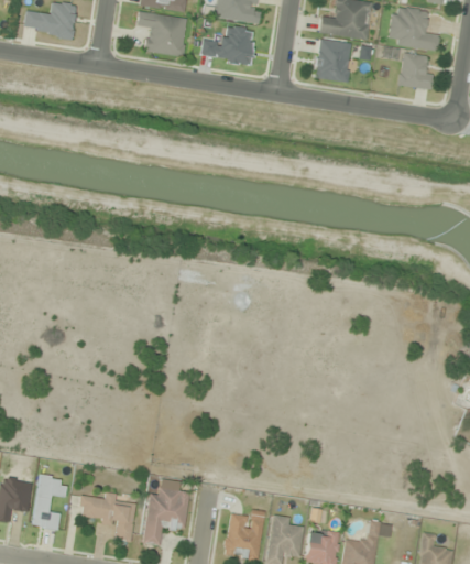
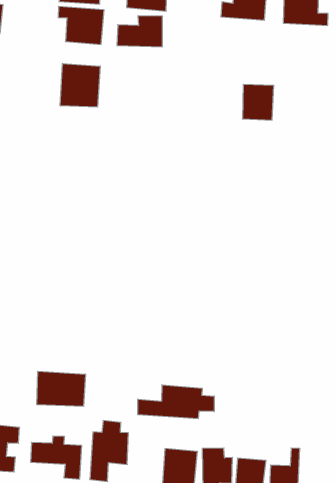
building: [314,39,351,80] -> [242,84,274,120]
building: [397,52,433,89] -> none
building: none -> [60,63,100,107]
building: none -> [37,371,85,406]
building: none -> [138,385,214,419]

